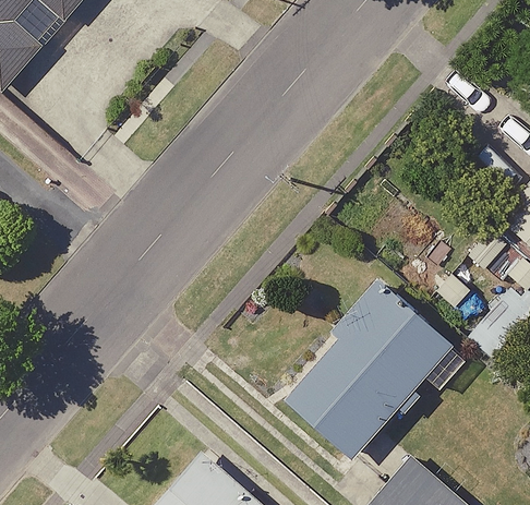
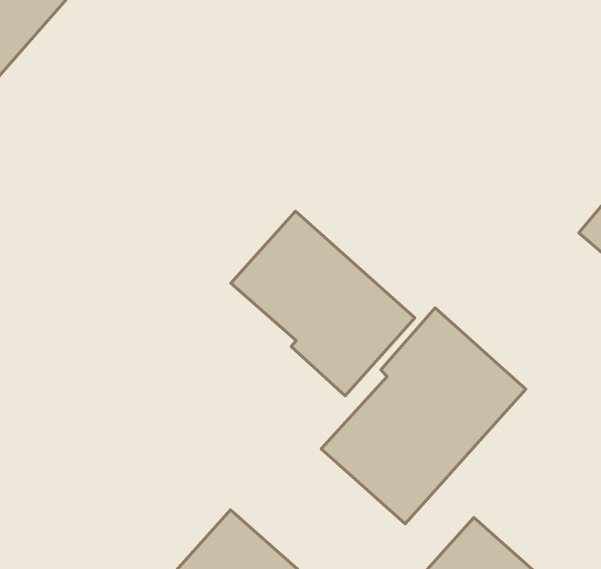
building: none -> [231,211,415,396]

